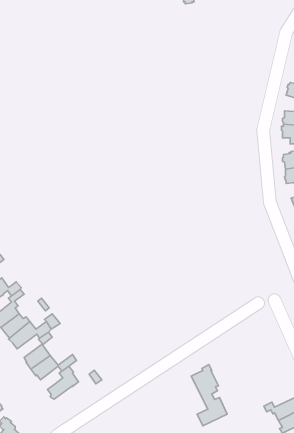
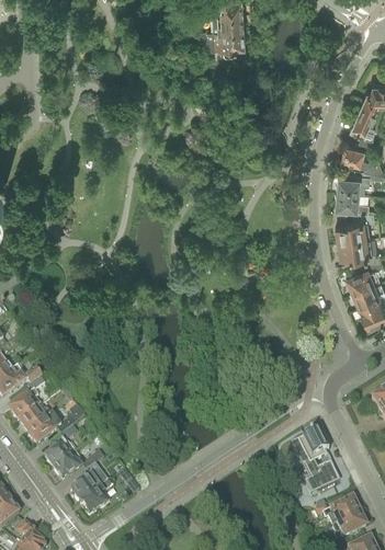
building: [191,365,227,426] -> [297,426,338,495]
building: none -> [78,480,112,515]

